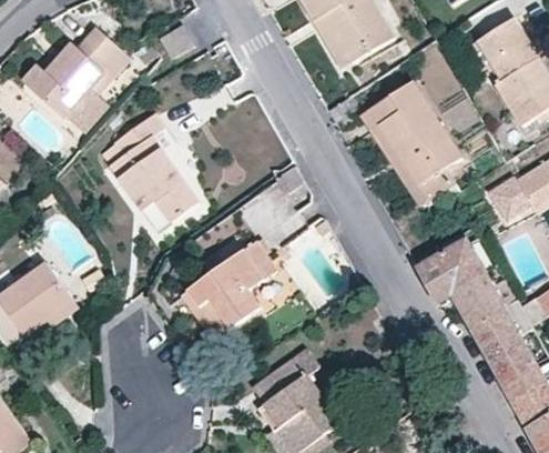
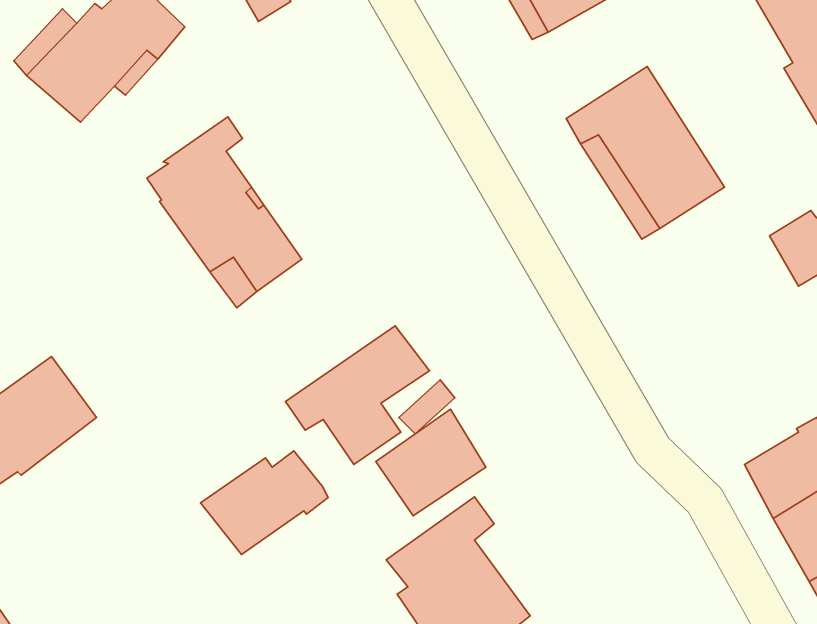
building: [416,239,505,329] -> none
building: none -> [376,409,486,516]
building: none -> [201,451,328,554]

